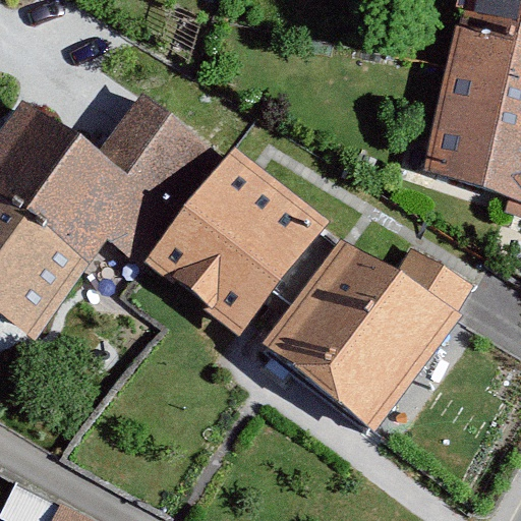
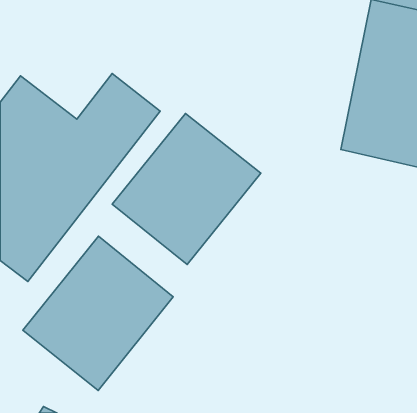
building: [263,234,460,431] -> none
building: none -> [23,236,173,391]

